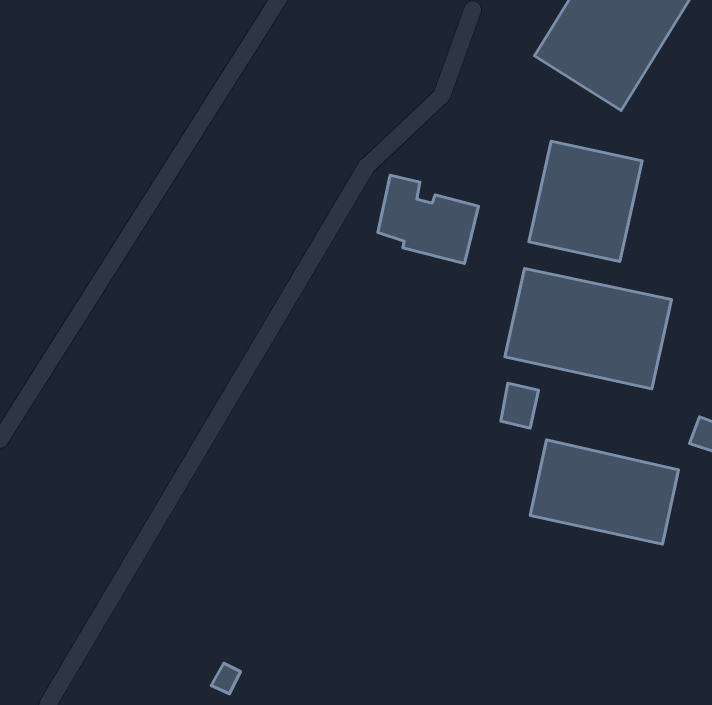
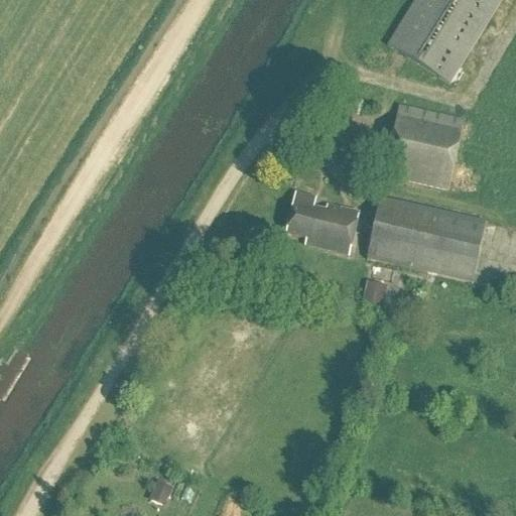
building: [378,175,478,263] -> [286,191,359,255]
building: [530,440,678,544] -> none

